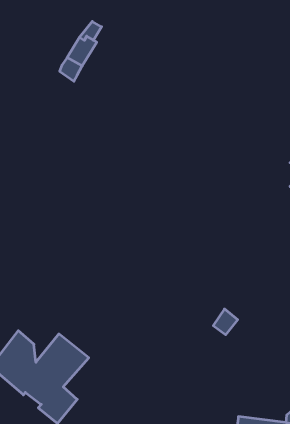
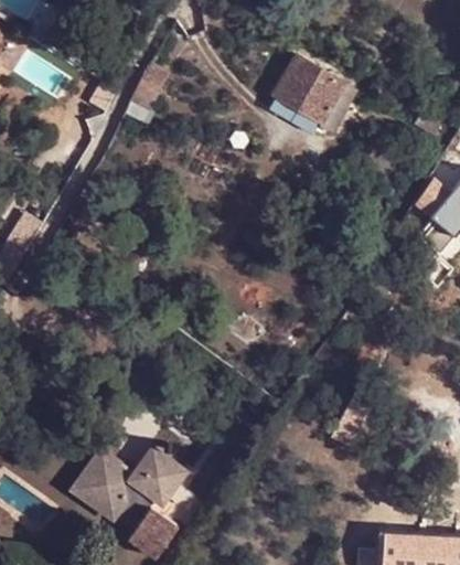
building: none -> [277,60,343,122]

